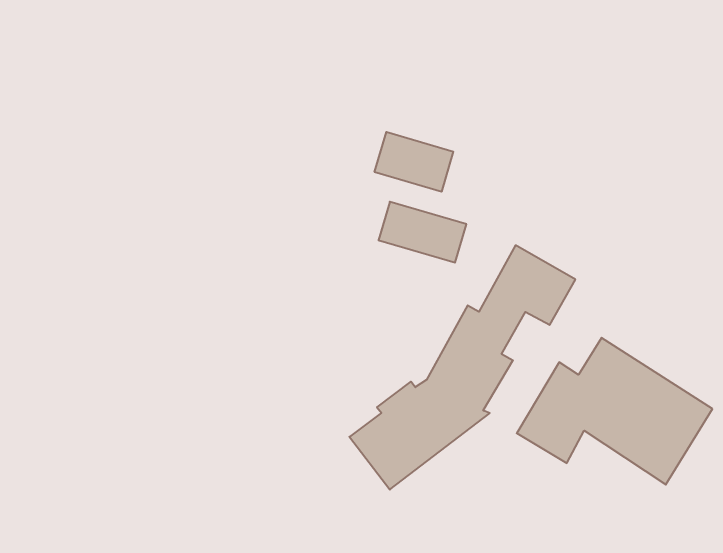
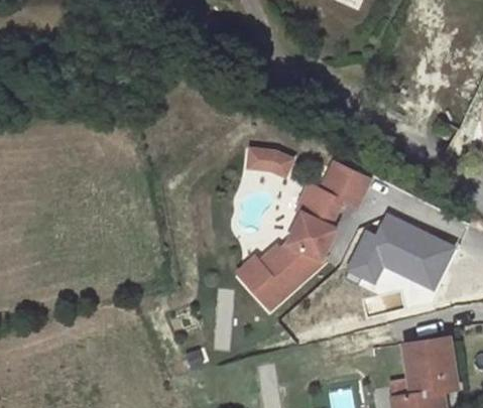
building: [375,132,453,192] -> none

